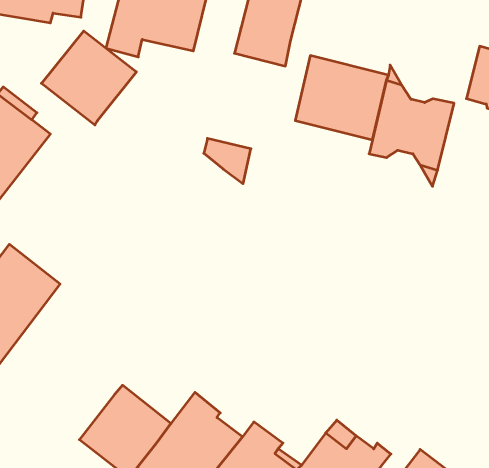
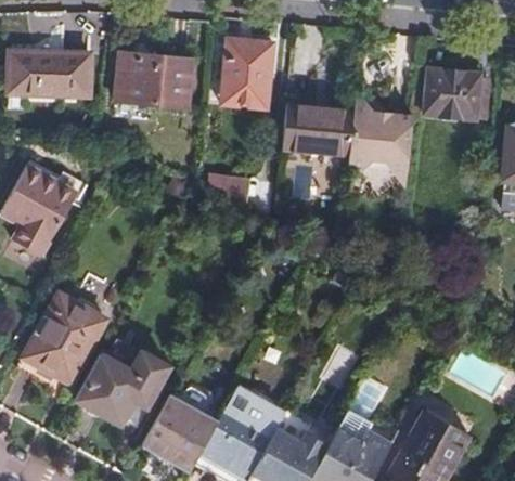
building: [41,31,136,125] -> none
building: none -> [81,352,167,429]

